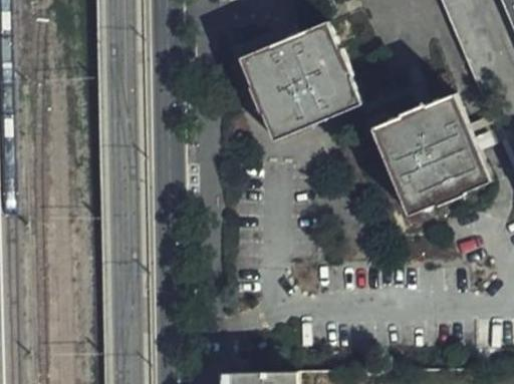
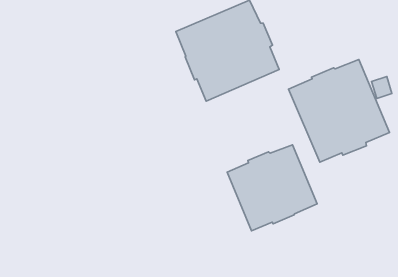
building: none -> [227,145,317,231]

